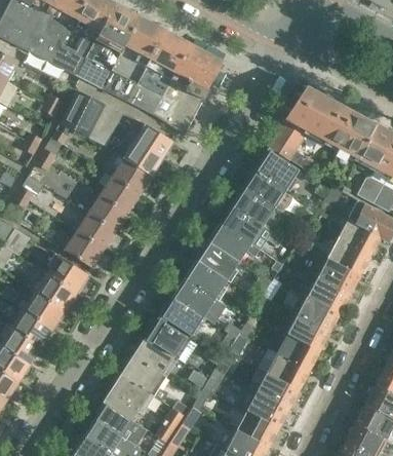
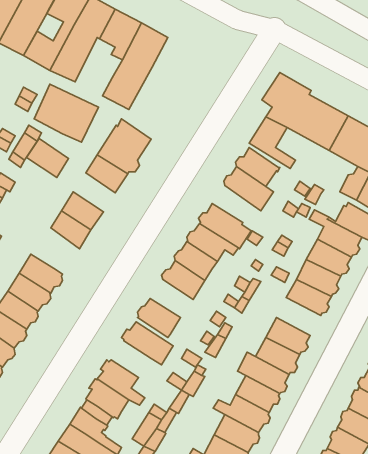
building: [153,44,224,130] -> none
building: [101,70,136,101] -> none
building: [99,176,140,214] -> [26,138,69,177]
building: [233,188,274,224] -> none
building: [64,229,105,268] -> none
building: [173,279,227,325] -> none
building: [297,297,340,334] -> none
building: [133,339,174,375] -> none

